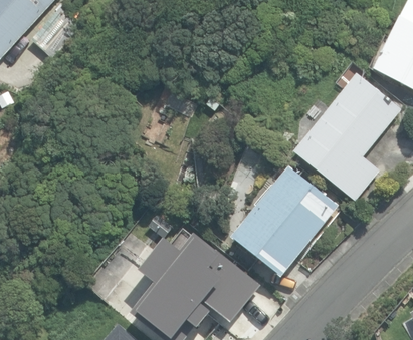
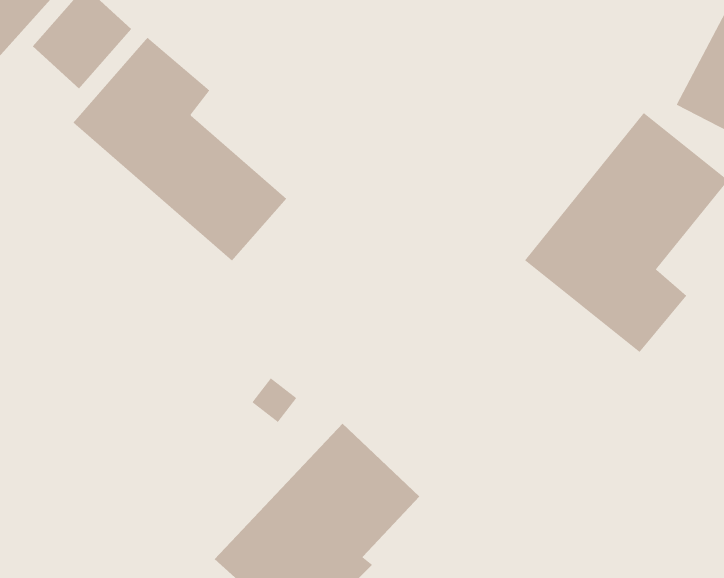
building: none -> [73,37,287,261]
building: [232,165,339,276] -> none

